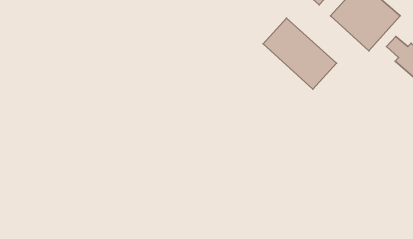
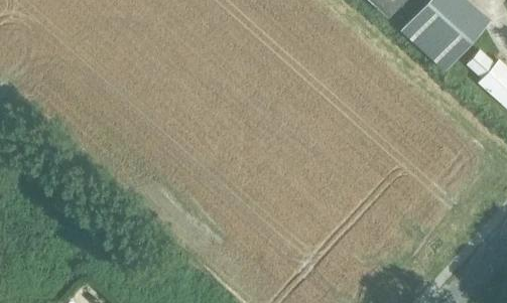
building: [263,18,336,89] -> none

